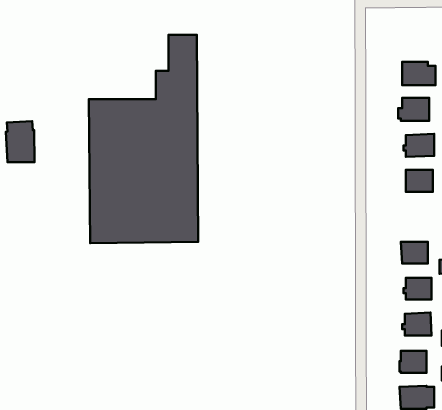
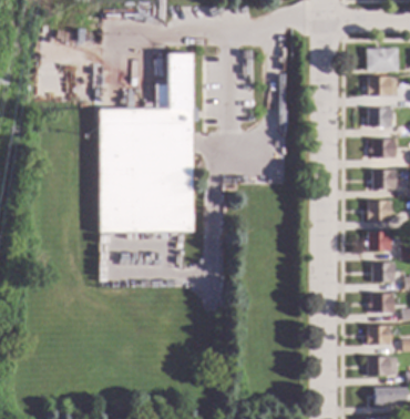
building: none -> [367,49,399,71]
building: [6,121,34,162] -> none
building: none -> [368,200,391,221]

